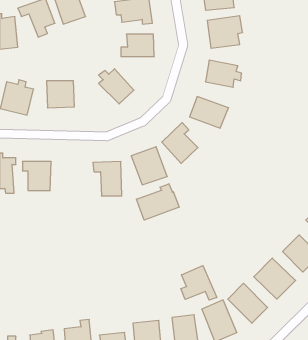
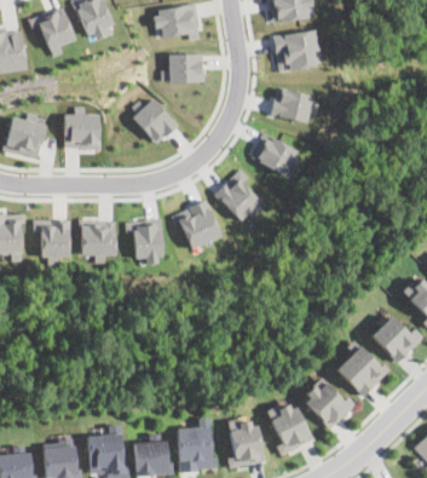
building: none -> [80,219,116,263]
building: [136,184,179,220] -> none
building: [181,266,217,300] -> none

